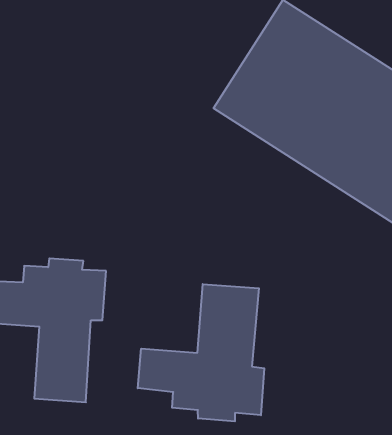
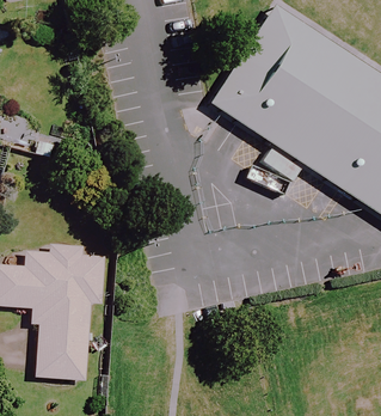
building: [138,284,264,421] -> none

